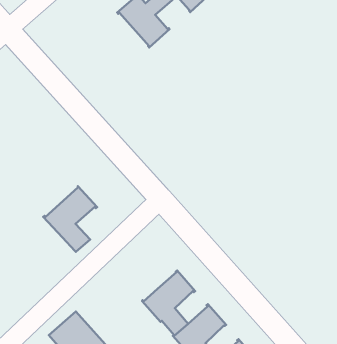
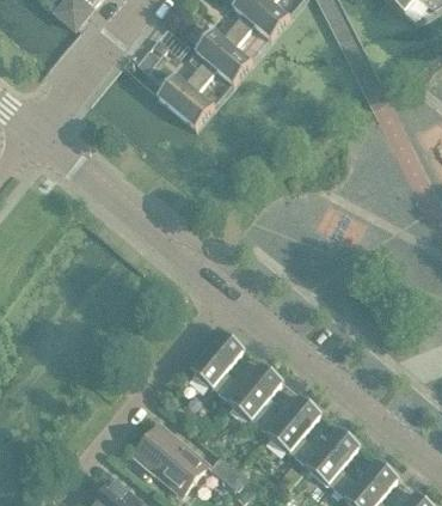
building: [43,186,97,252] -> [188,329,244,400]

